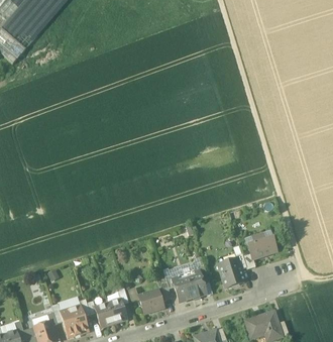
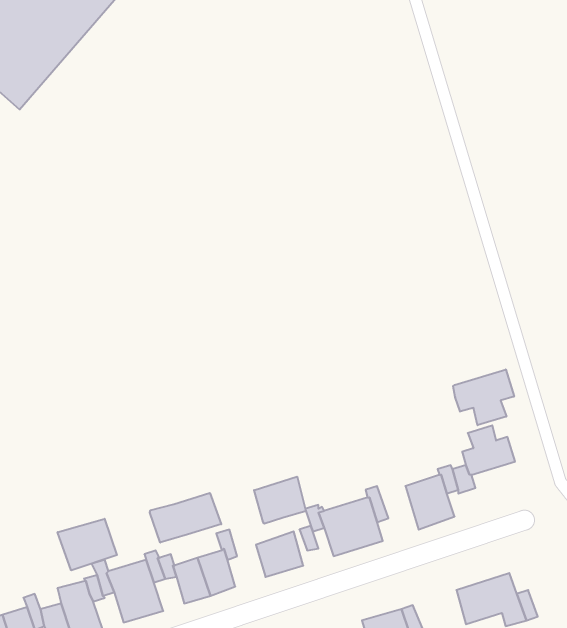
building: none -> [453,369,514,425]
building: none -> [254,477,306,524]
building: none -> [150,493,221,543]
building: none -> [58,519,117,570]

